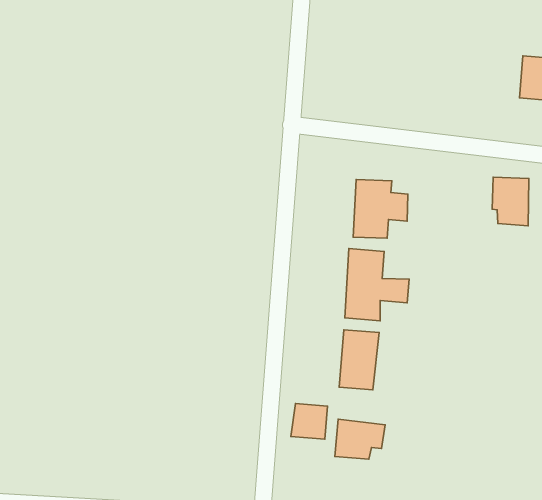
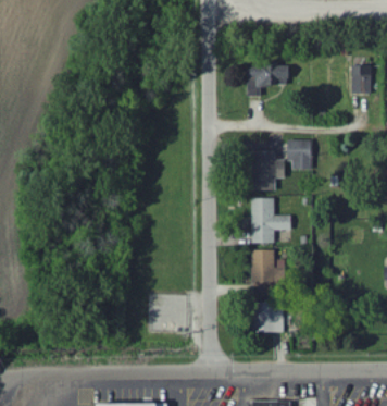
building: none -> [246,64,287,96]
building: [492,177,529,226] -> [286,139,311,170]
building: [291,404,328,439] -> none

